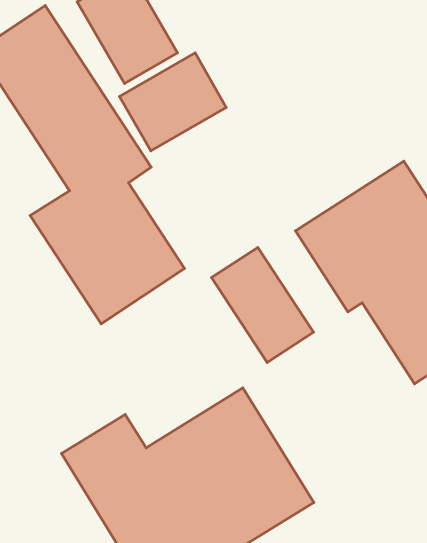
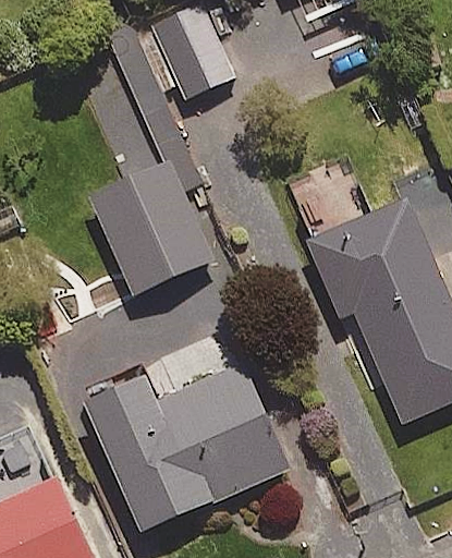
building: [120,53,226,151] -> none
building: [211,247,313,362] -> none

